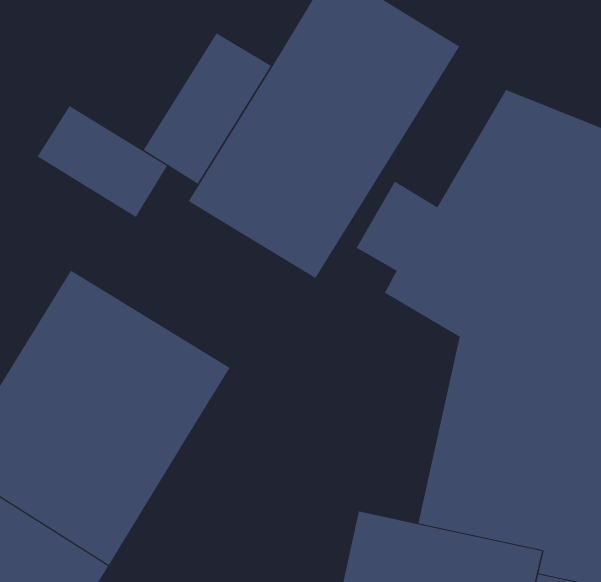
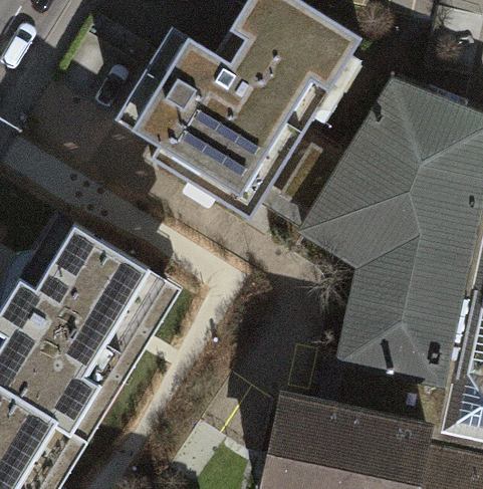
building: [37,105,168,218] -> none

